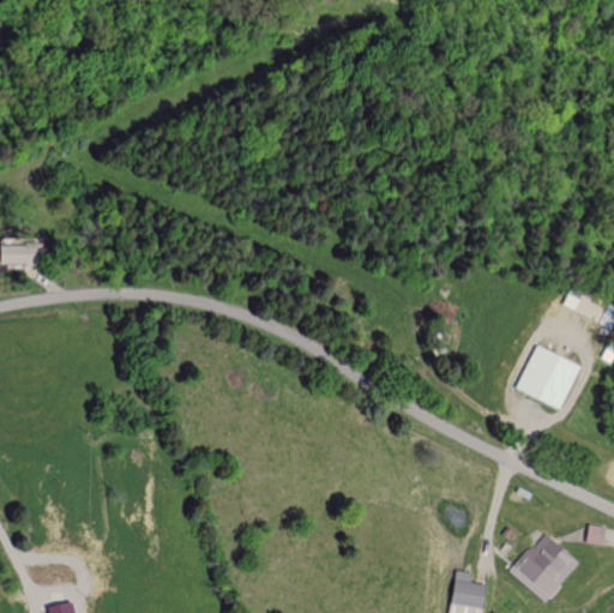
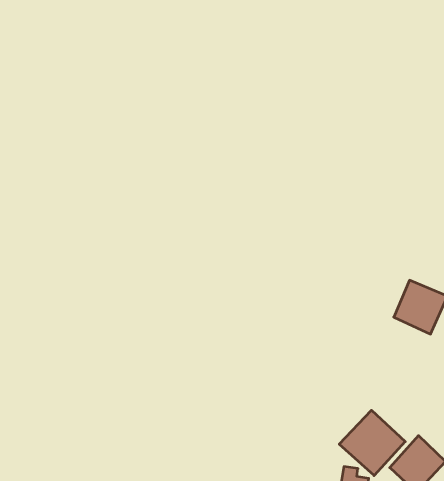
building: none -> [339,410,405,476]

